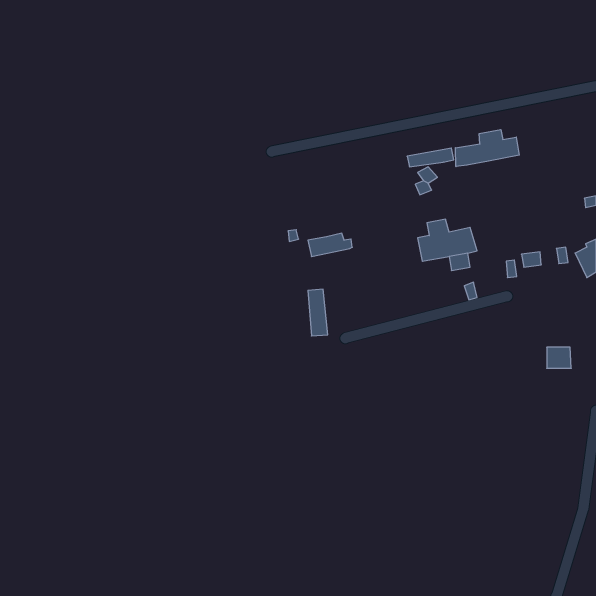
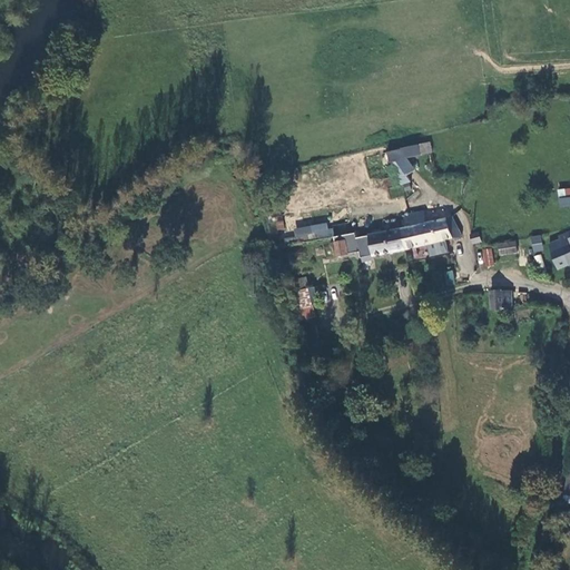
building: [455,130,519,167] -> none
building: none -> [334,227,403,258]
building: [547,347,571,368] -> [490,291,513,311]

